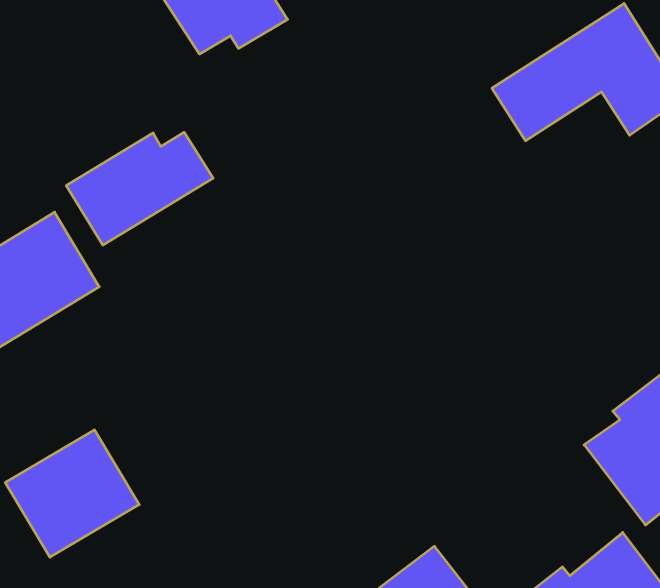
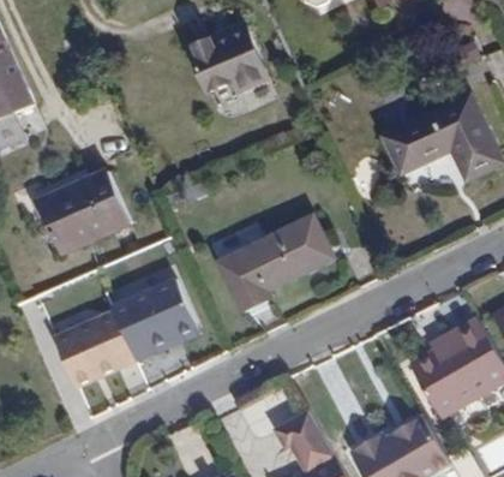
building: [66,132,213,245] -> none
building: none -> [221,217,325,311]
building: none -> [112,276,198,359]

